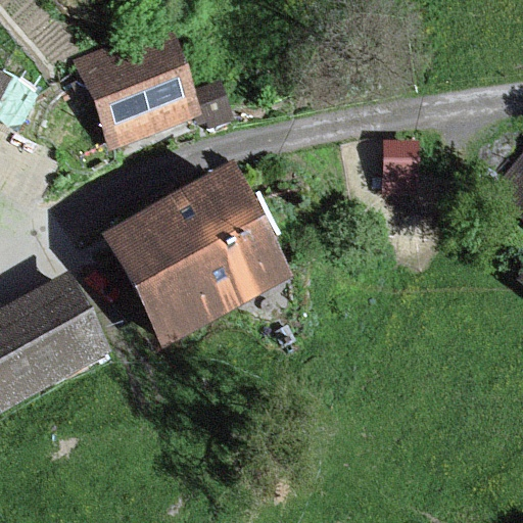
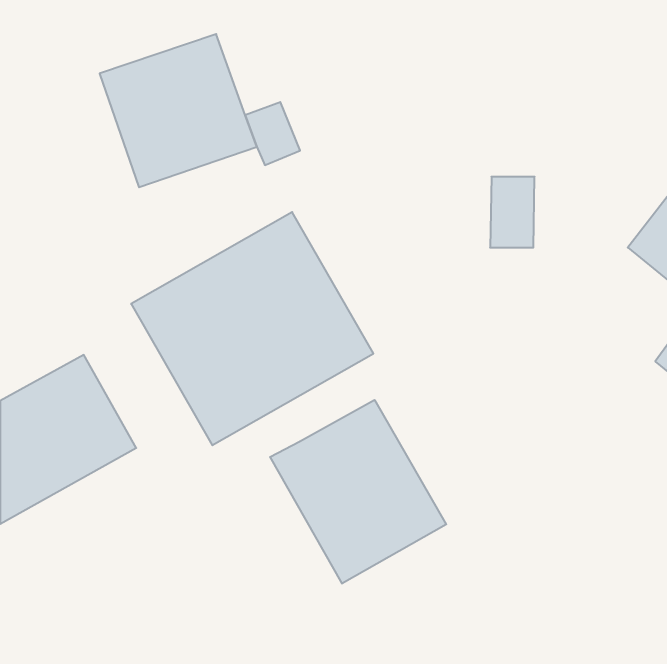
building: none -> [270,400,446,584]

